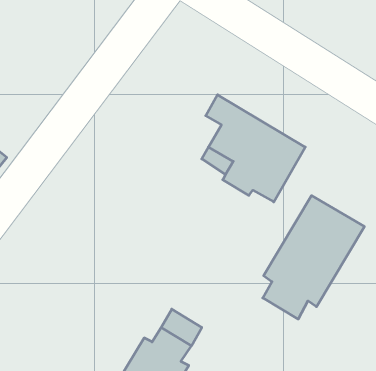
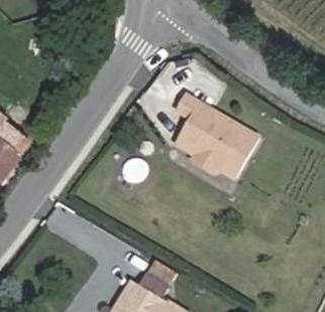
building: [263,196,364,319] -> none

